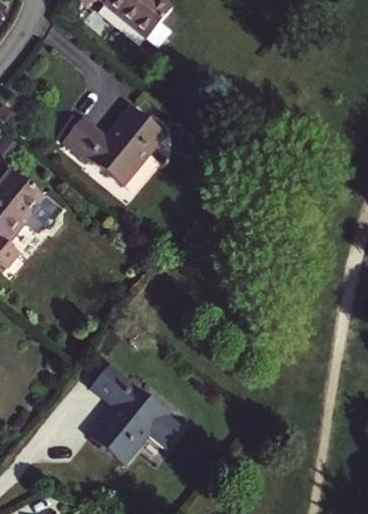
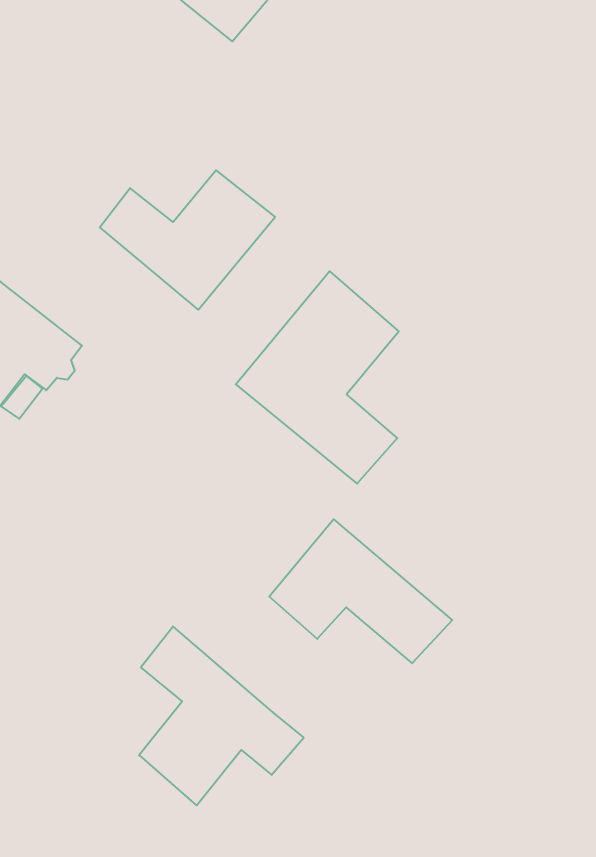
building: none -> [236,271,399,484]
building: none -> [269,519,452,663]

